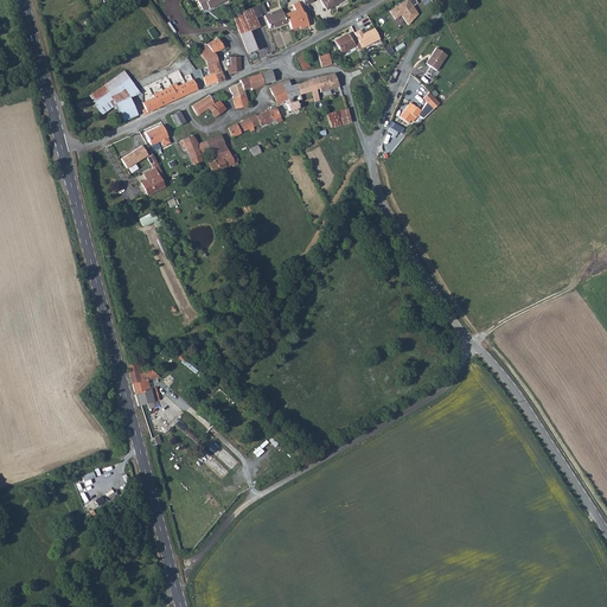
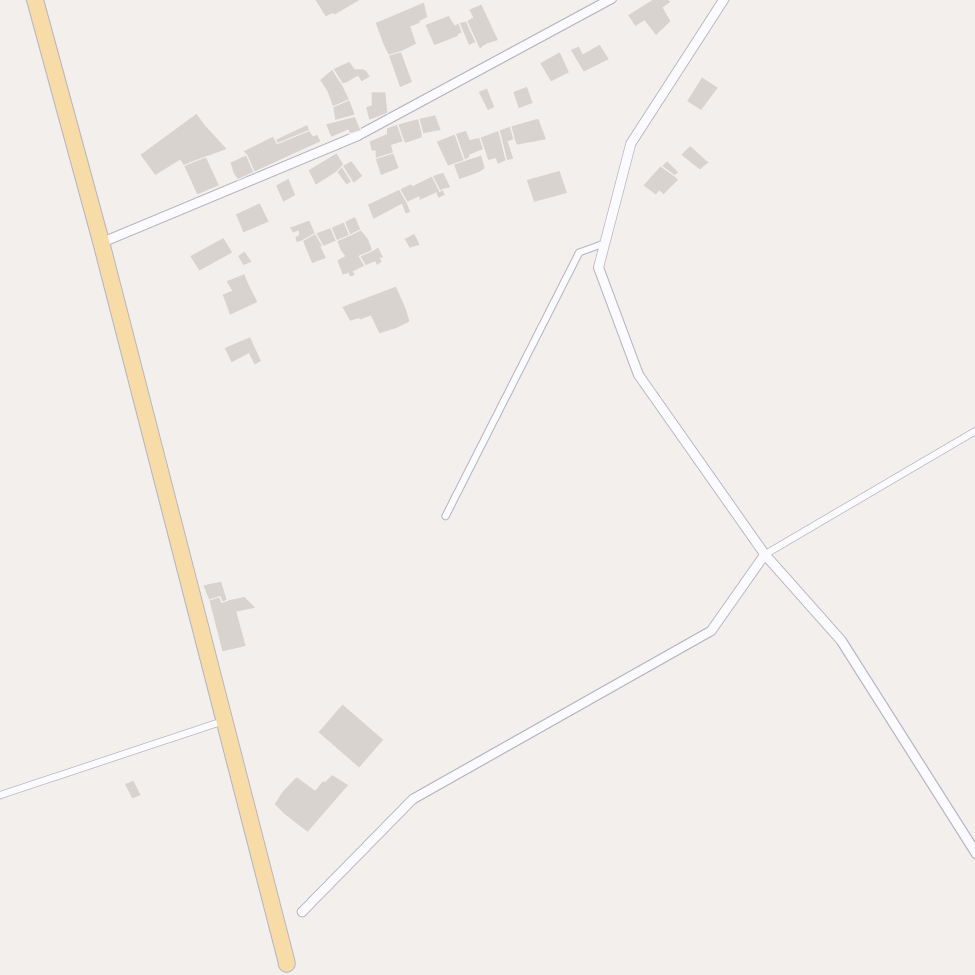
building: none -> [342,286,410,334]
building: none -> [274,774,349,833]

